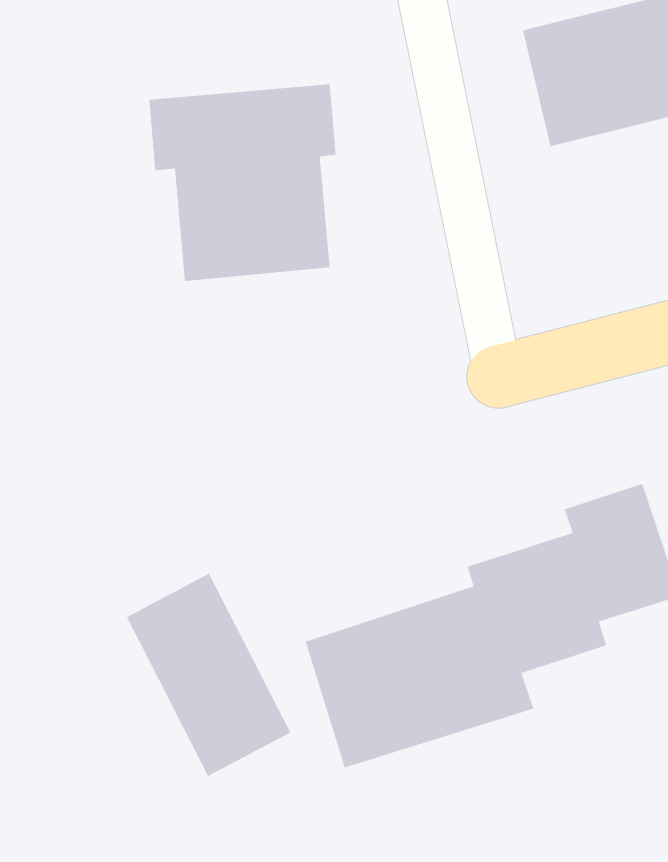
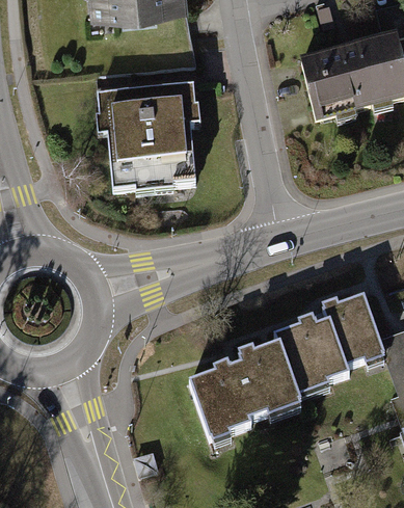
building: [126,573,291,777] -> none

